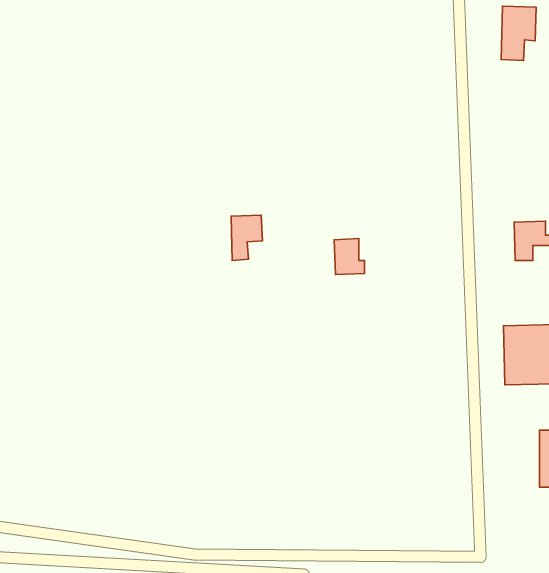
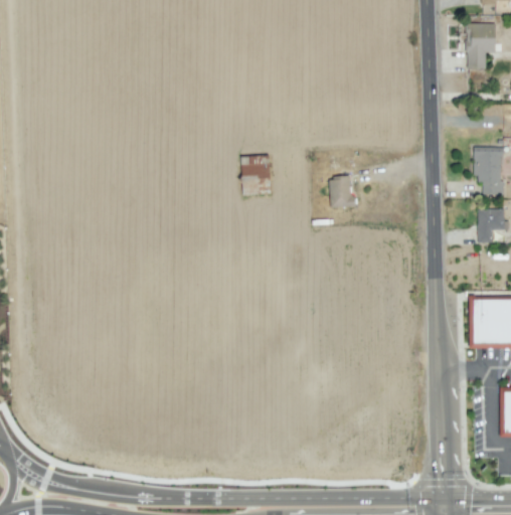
building: none -> [475,147,503,194]
building: [231,215,262,260] -> [243,155,271,194]
building: [334,239,365,275] -> [330,176,356,207]

